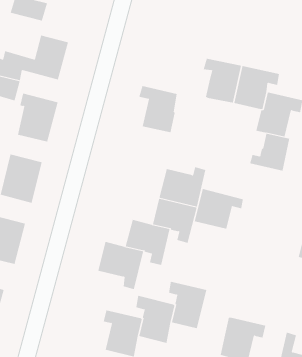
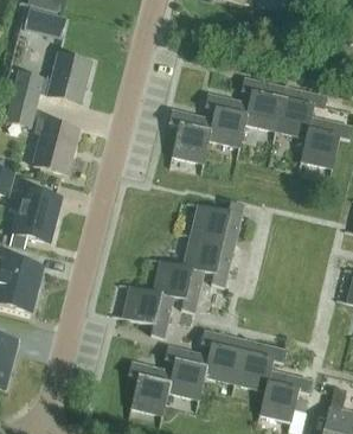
building: none -> [205,94,248,146]
building: [249,133,290,172] -> none
building: [194,188,244,230] -> none
building: none -> [235,339,287,390]

